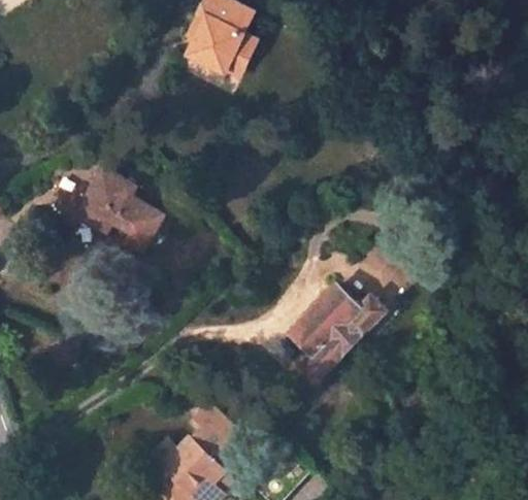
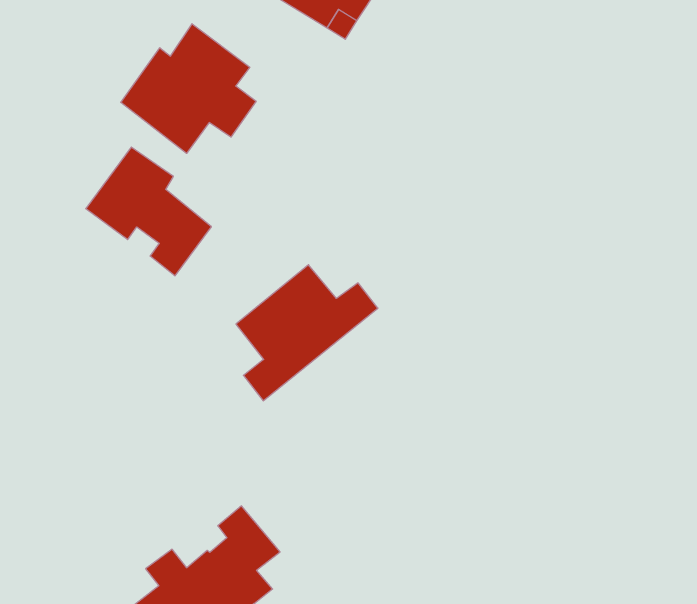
building: none -> [121,24,256,153]
building: [289,287,384,382] -> [236,265,378,401]

